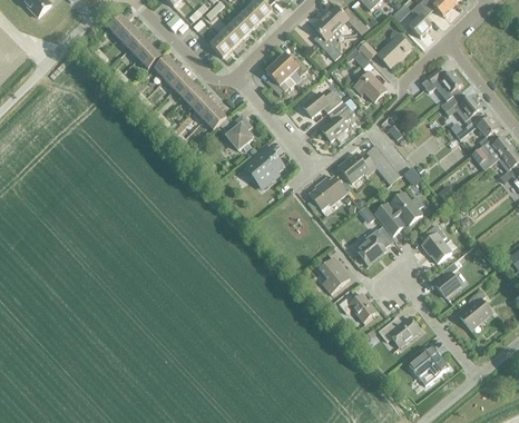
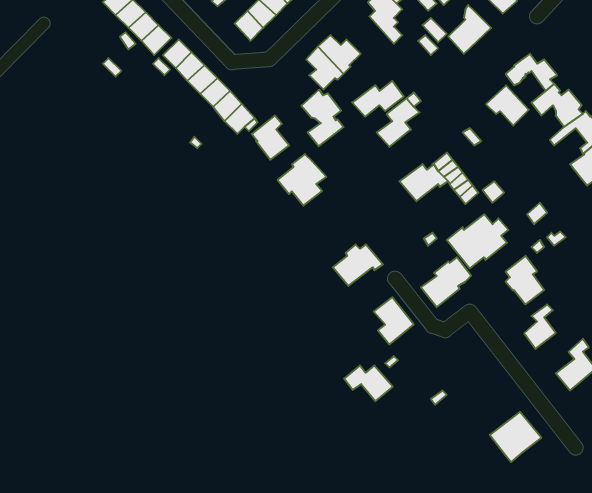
building: [352,70,385,101] -> [486,85,529,126]
building: none -> [301,90,344,146]
building: [307,176,346,208] -> [333,244,383,286]
building: [337,293,375,321] -> [344,366,393,401]
building: [378,316,419,346] -> none

